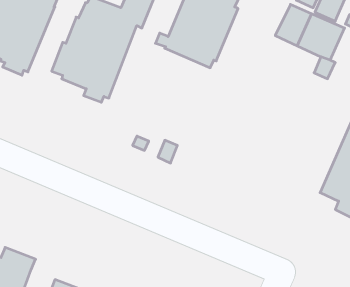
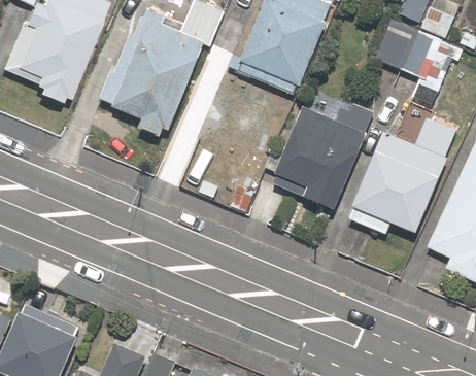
building: none -> [273,101,374,210]
building: none -> [349,114,456,233]

